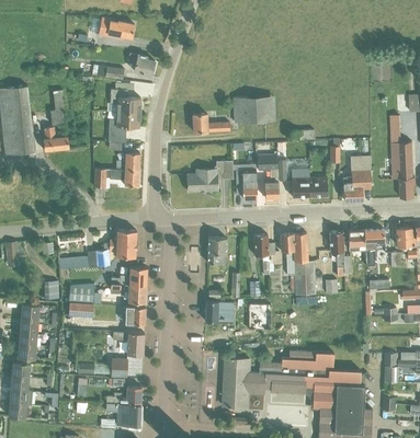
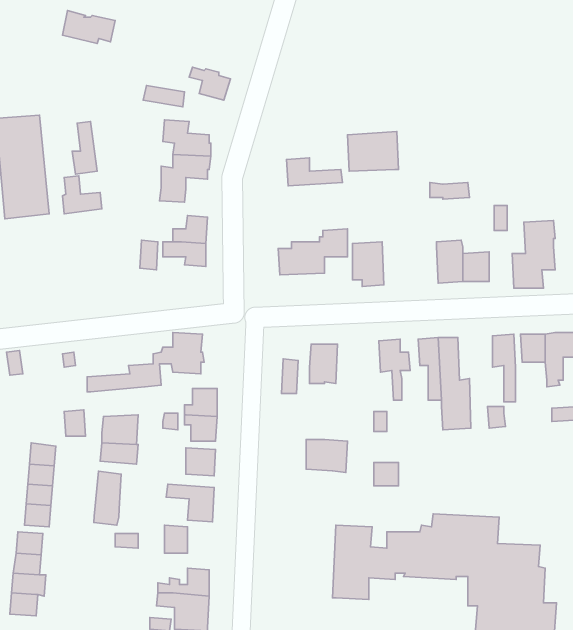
building: [99,18,134,39] -> [63,11,115,43]
building: [258,154,279,198] -> none
building: none -> [94,471,121,525]

